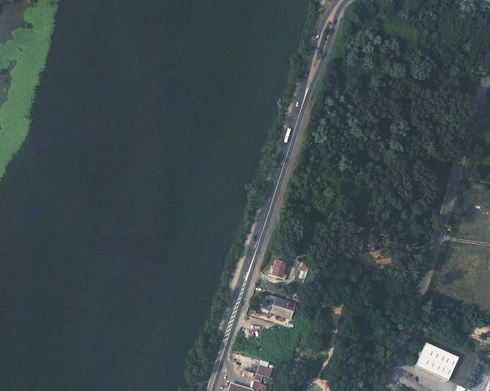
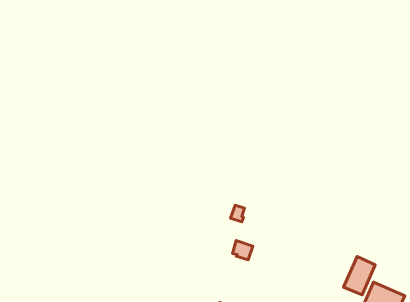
building: none -> [344,257,375,295]

